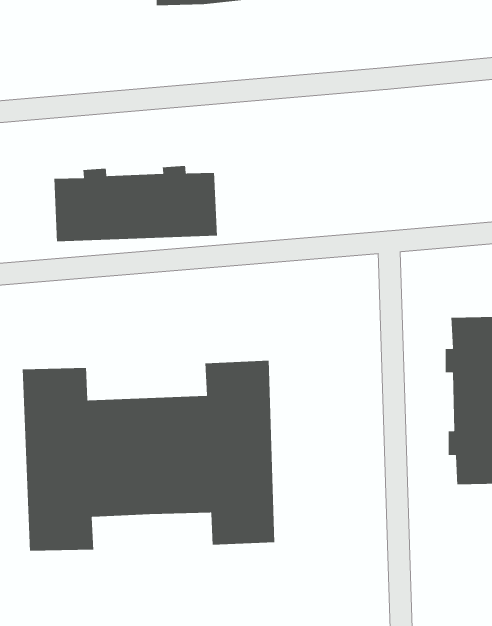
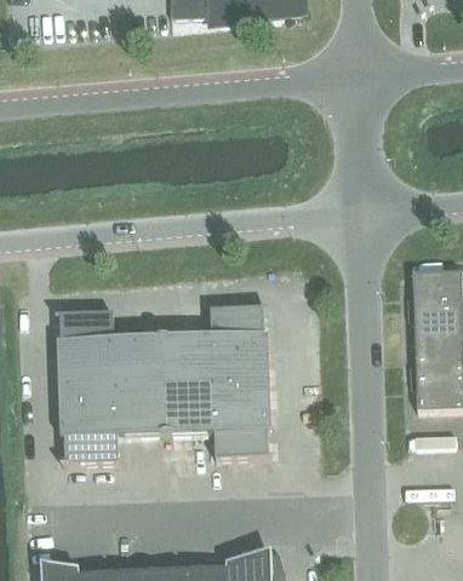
building: [53,165,218,242] -> none

